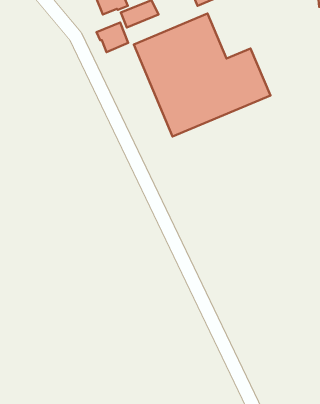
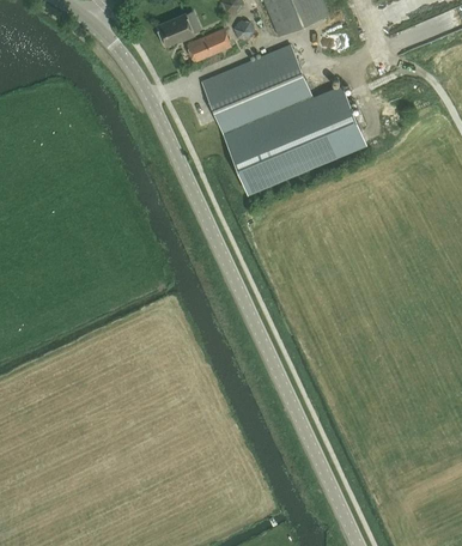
building: [97,23,128,52] -> none

